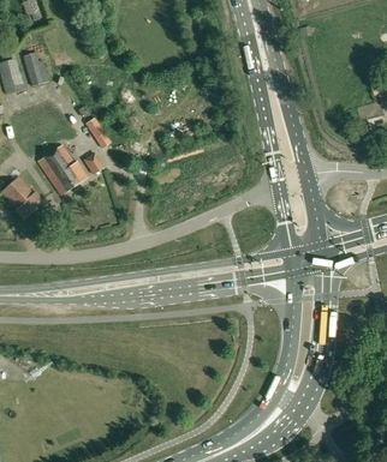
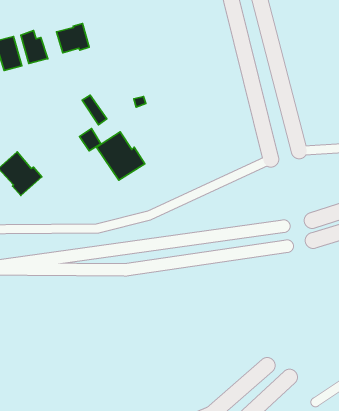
building: none -> [57,24,89,53]
building: [38,145,88,194] -> [96,132,145,180]

